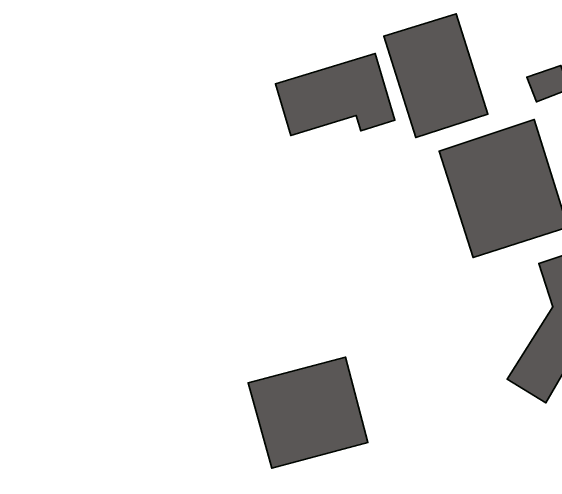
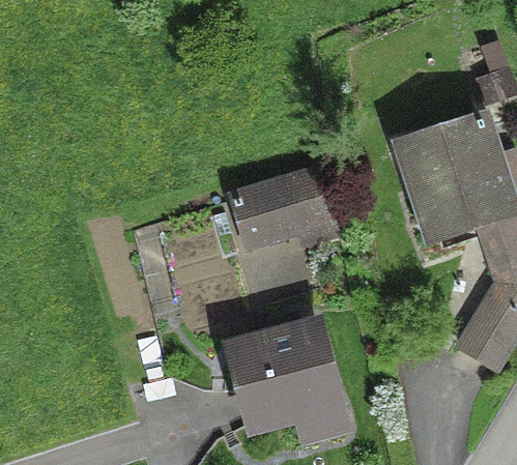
building: [384,14,488,137] -> none
building: [276,53,395,135] -> [231,171,337,243]

